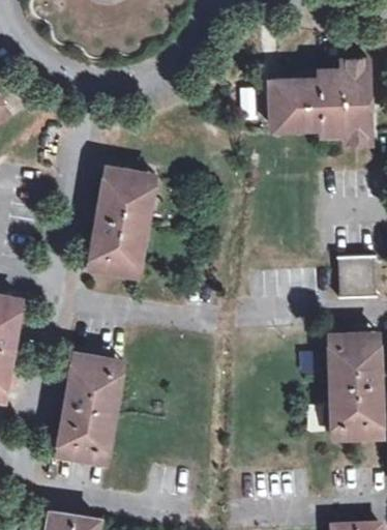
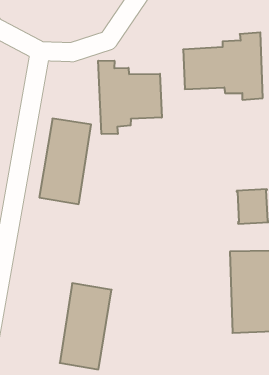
building: none -> [98,61,162,134]
building: [57,352,122,461] -> [60,283,112,369]

